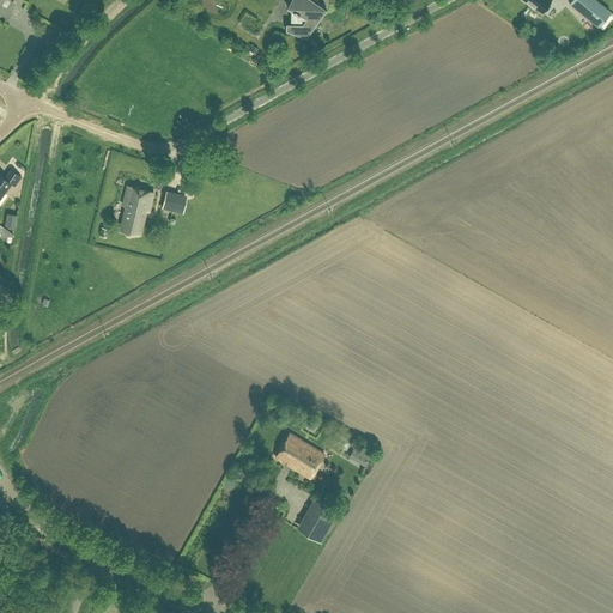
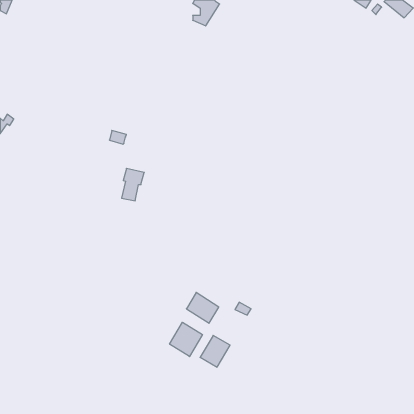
building: [120,186,153,233] -> [122,168,144,201]
building: none -> [170,322,202,357]

